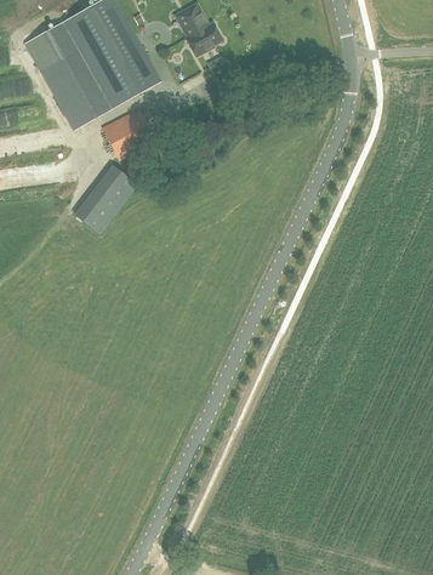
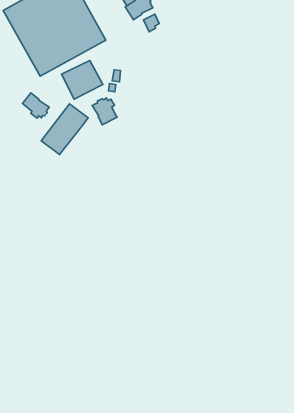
building: none -> [22,93,49,118]
building: none -> [92,98,117,125]

